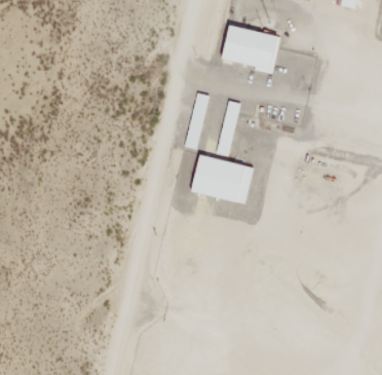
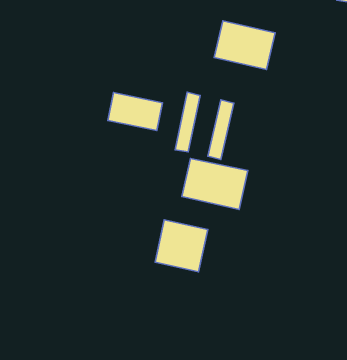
building: none -> [108,93,162,131]
building: none -> [155,220,208,272]

